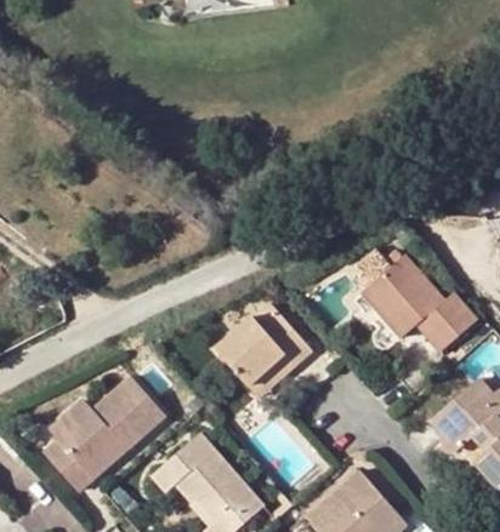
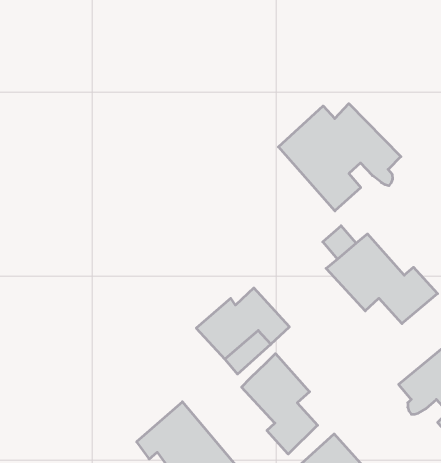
building: none -> [278,104,401,211]
building: [42,378,169,494] -> none
building: none -> [242,354,318,454]

